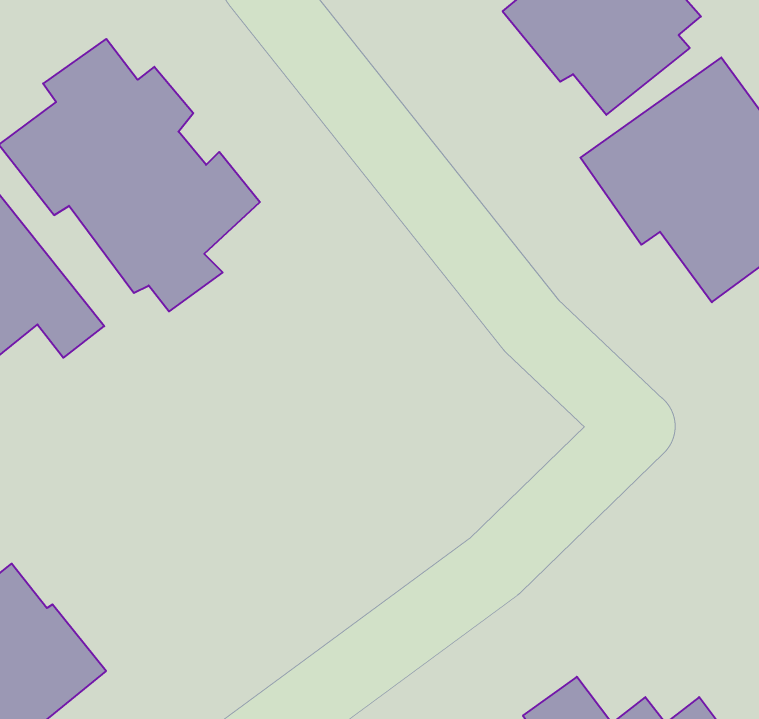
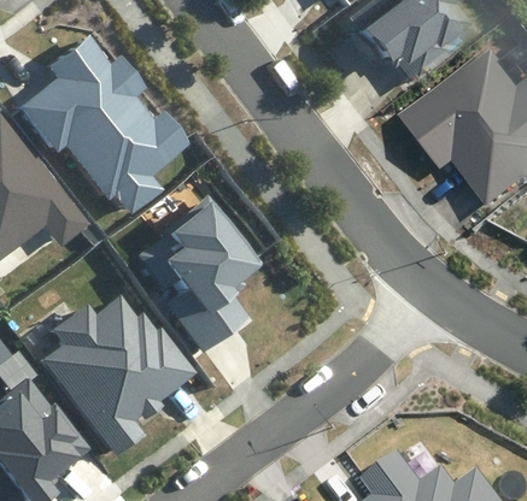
building: none -> [154,196,265,358]
building: none -> [43,293,198,455]

